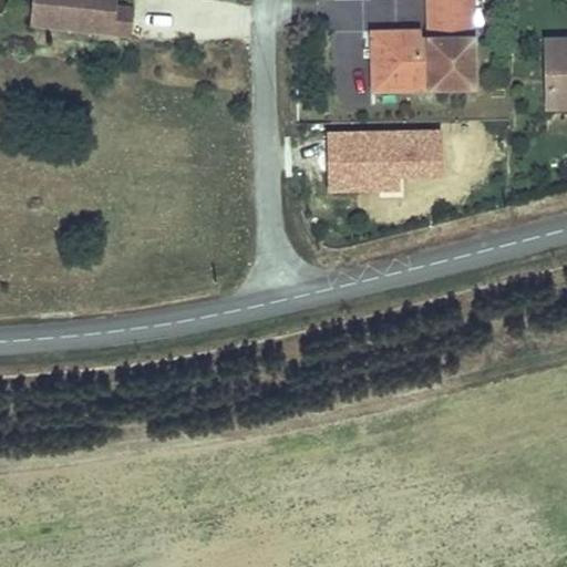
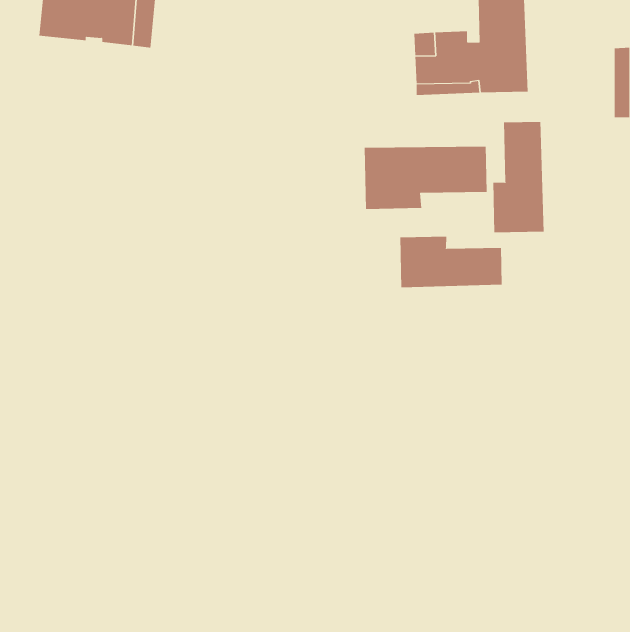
building: none -> [493,121,544,233]
building: none -> [400,236,502,288]

